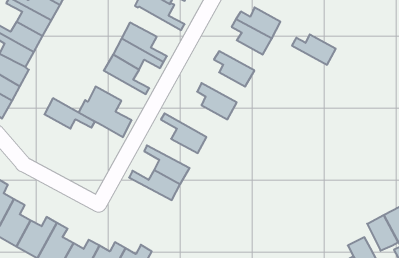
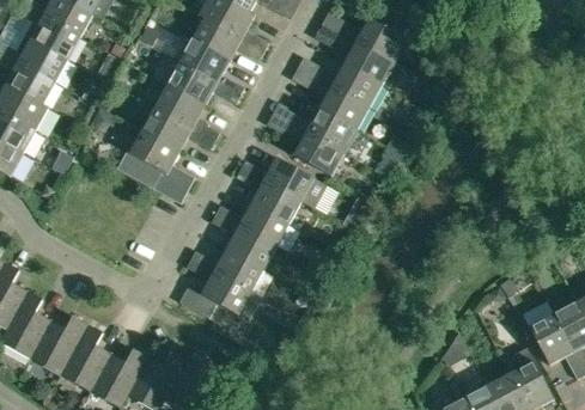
building: none -> [191,17,264,60]
building: [292,34,336,65] -> [318,65,380,108]
building: none -> [293,110,355,153]
building: [44,98,95,129] -> [142,108,214,151]
building: none -> [240,158,328,210]
building: none -> [215,204,288,246]
building: none -> [179,259,251,317]

